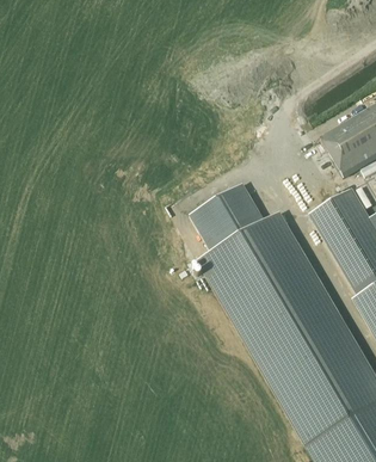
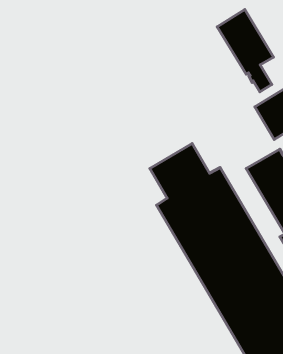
building: none -> [217,10,273,92]

